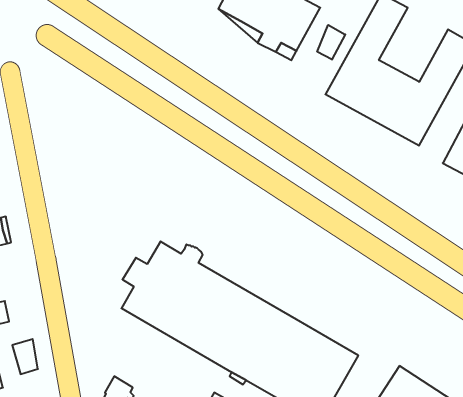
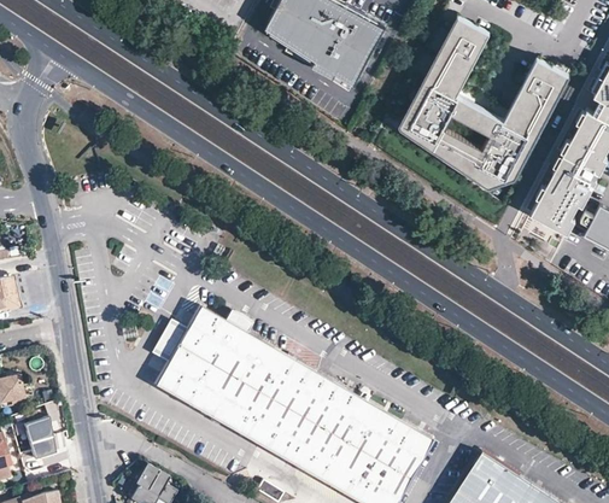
building: [317,25,345,60] -> none

